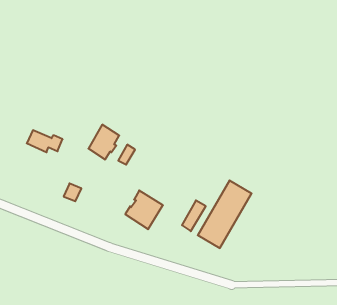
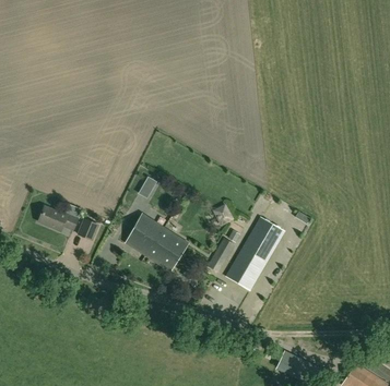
building: [88,125,119,159] -> [127,215,161,253]
building: [27,130,63,152] -> [38,206,78,230]

